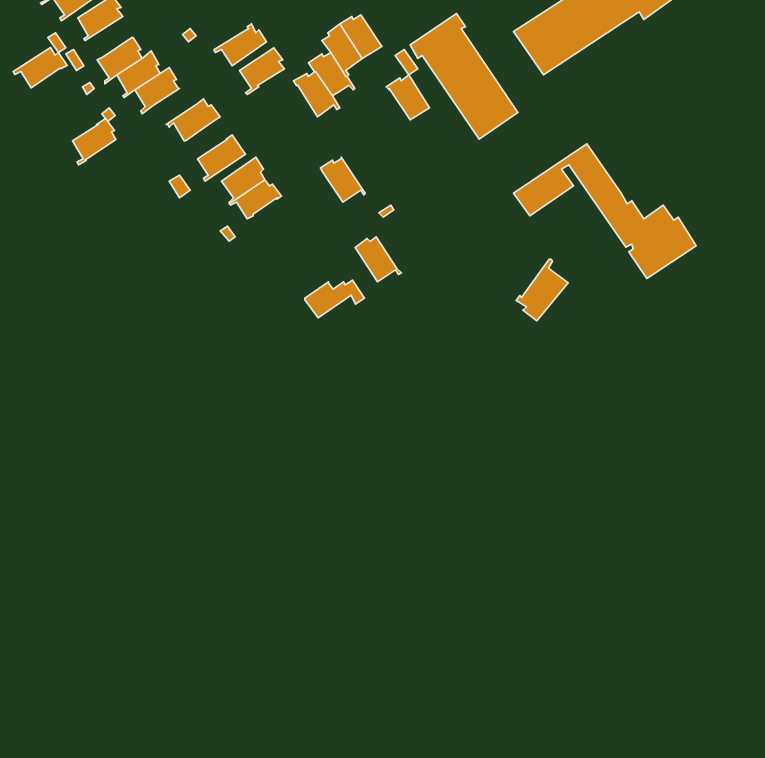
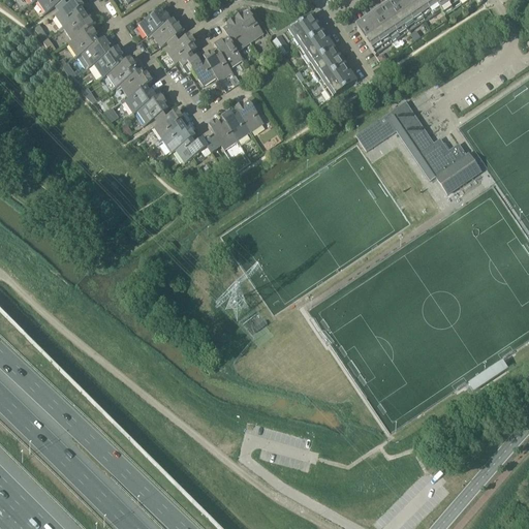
building: none -> [137,7,172,35]
building: [13,48,67,88] -> [59,11,96,39]
building: none -> [178,51,216,85]
building: [386,75,430,120] -> [234,99,263,130]
building: [73,118,116,165] -> [106,57,136,89]
building: none -> [120,85,157,113]
building: [355,237,401,282] -> [208,118,240,149]
building: [516,259,568,321] -> none
building: [305,280,365,318] -> [175,135,216,161]

